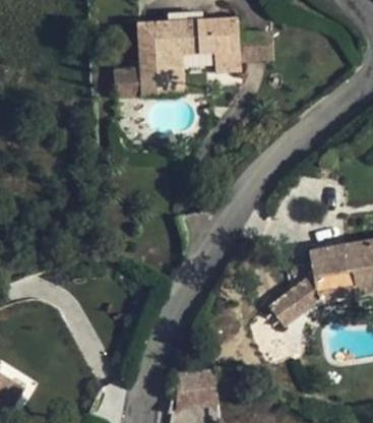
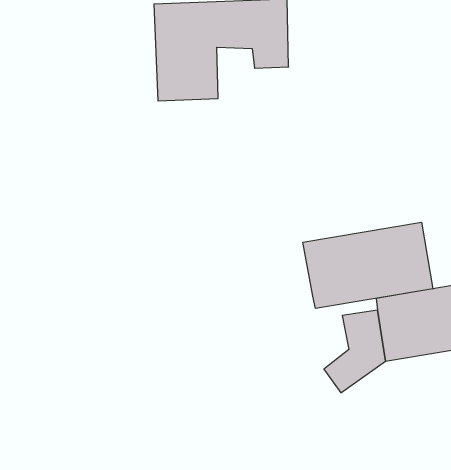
building: none -> [303,222,433,308]

